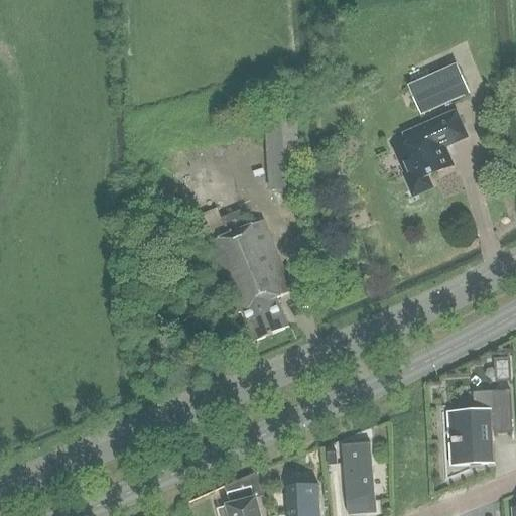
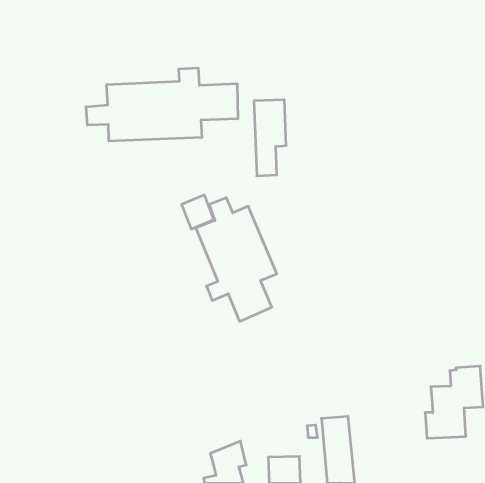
building: [408,62,469,114] -> none
building: none -> [86,68,238,141]
building: [394,110,467,191] -> none

